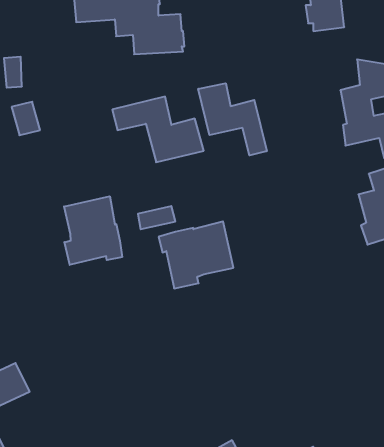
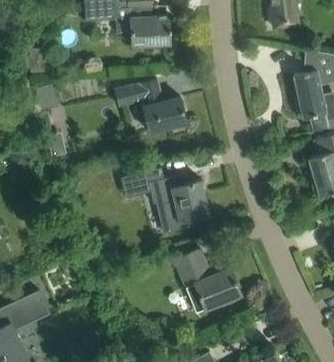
building: [198,83,267,155] -> none
building: [64,196,122,265] -> none
building: none -> [174,249,240,313]

